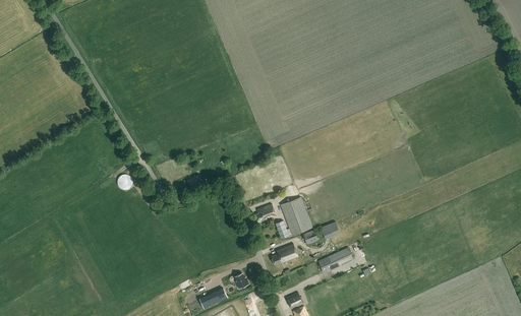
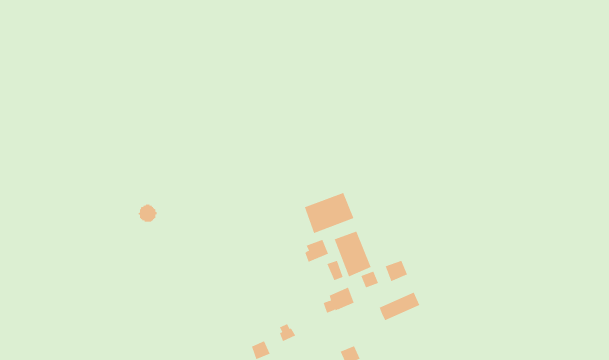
building: none -> [304,192,354,234]

